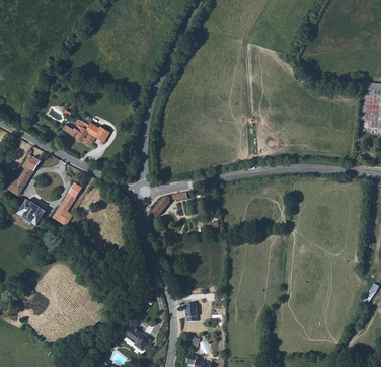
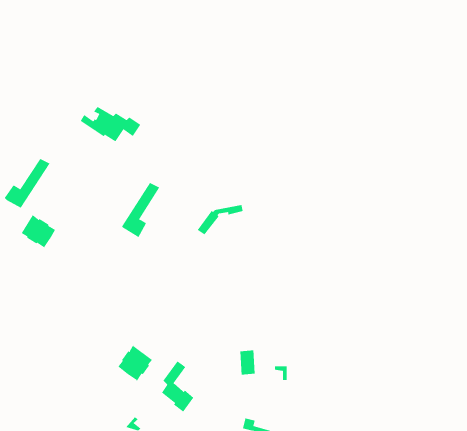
building: [53,183,82,226] -> [121,182,160,238]
building: none -> [118,344,153,382]

